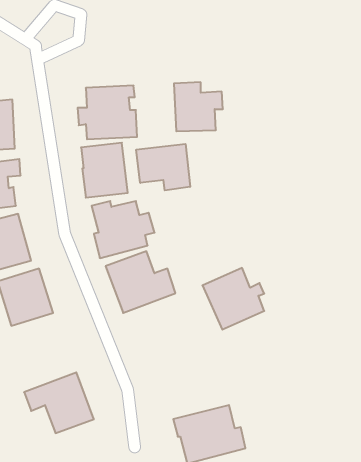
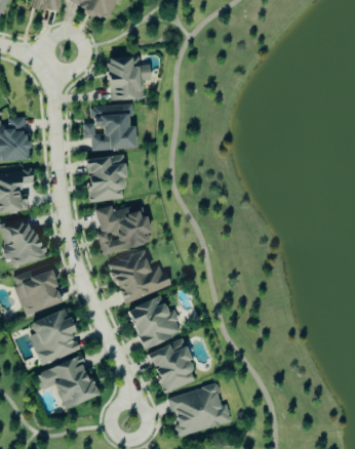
building: [174,82,223,131] -> [108,56,151,99]
building: [136,144,190,190] -> none
building: [202,268,264,330] -> [126,295,181,350]
building: none -> [30,309,80,364]
building: none -> [148,339,198,394]

